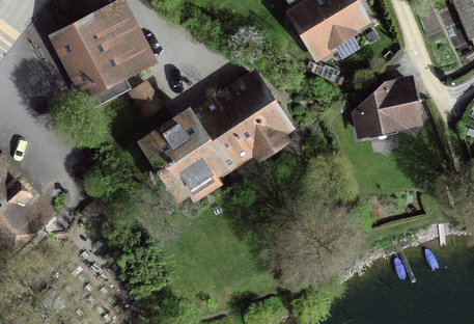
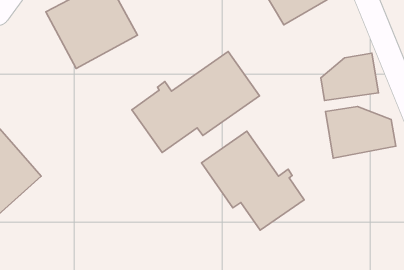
building: none -> [325,106,396,158]
building: none -> [201,131,304,230]

